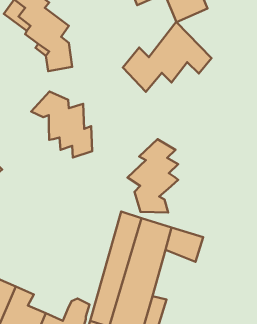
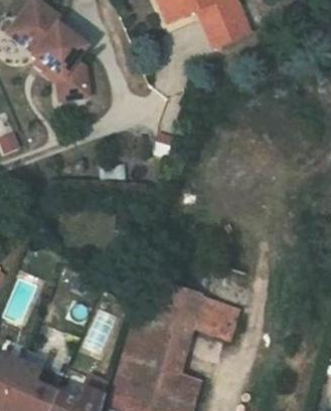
building: [123,22,211,92] -> none
building: [31,92,92,158] -> none
building: [127,139,178,212] -> none

